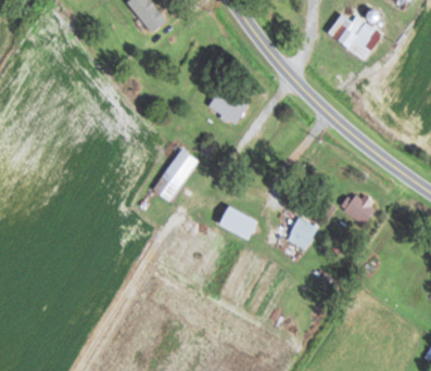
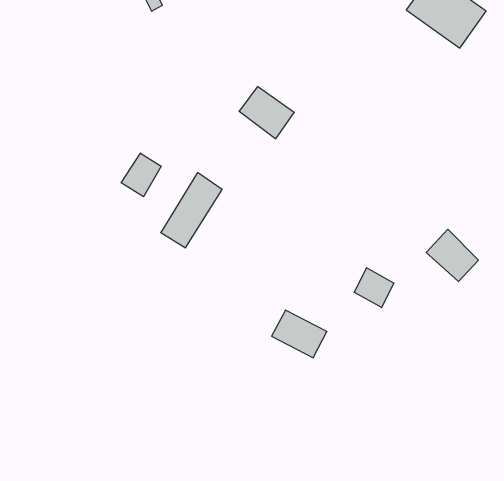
building: none -> [121,153,161,197]
building: [217,206,256,240] -> [272,310,327,358]

